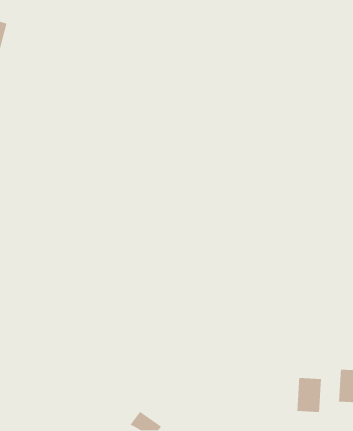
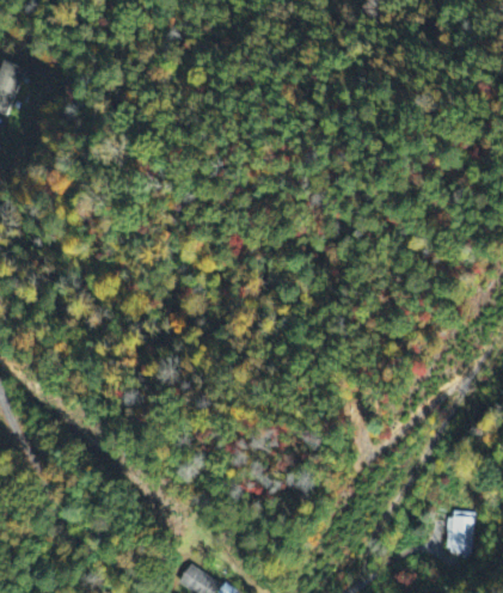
building: [297,377,322,413] -> none

